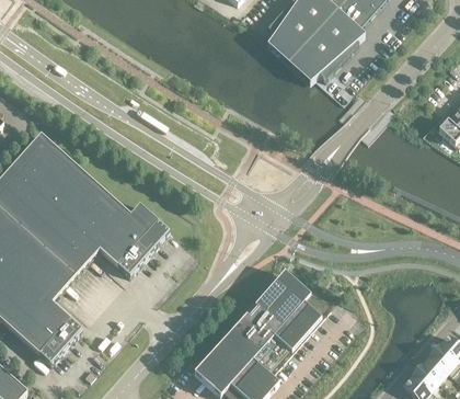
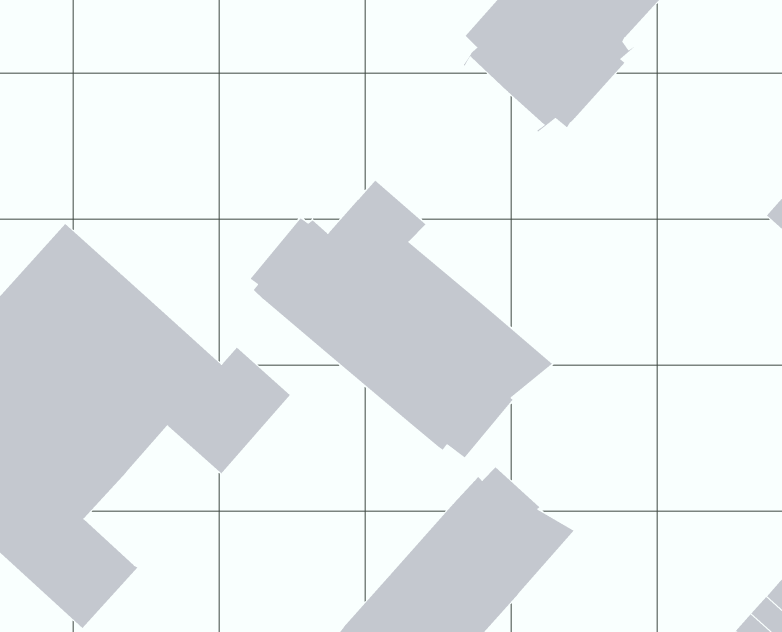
building: none -> [249,179,553,459]

